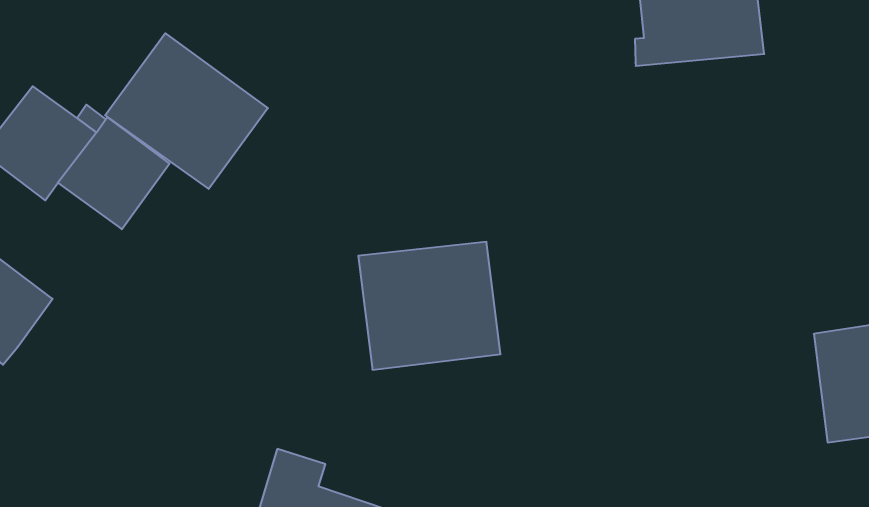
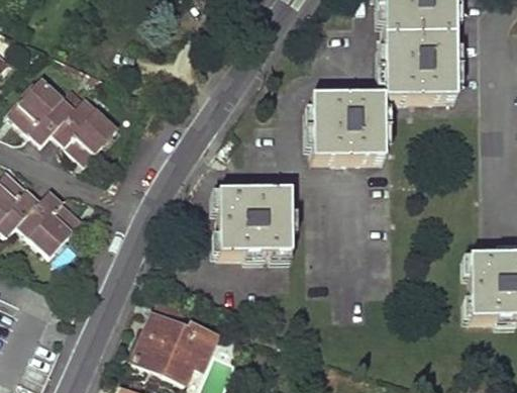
building: [105,33,268,189] -> none
building: none -> [309,96,384,159]
building: none -> [20,190,81,252]

